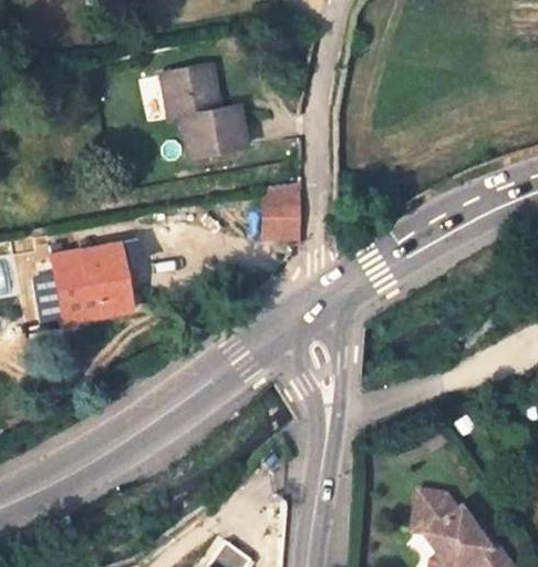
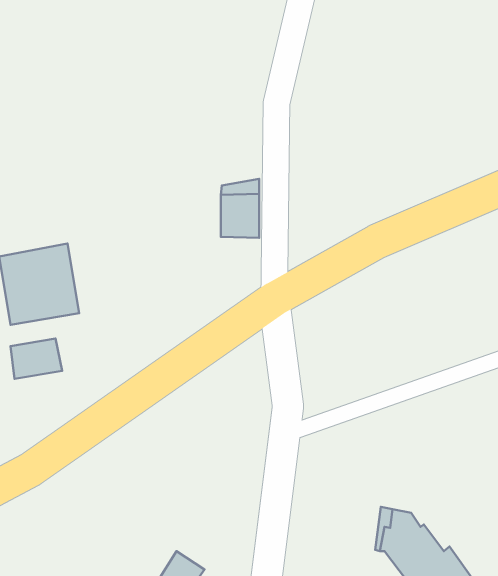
building: [163,64,246,155] -> none
building: none -> [10,338,62,379]

